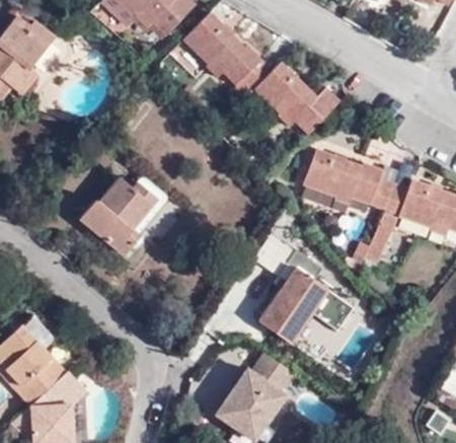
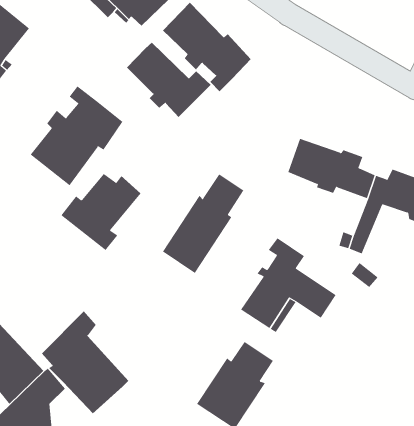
building: [252,63,336,138] -> [126,42,211,118]
building: none -> [30,85,123,186]
building: none -> [162,174,244,274]
building: none -> [41,311,129,414]

